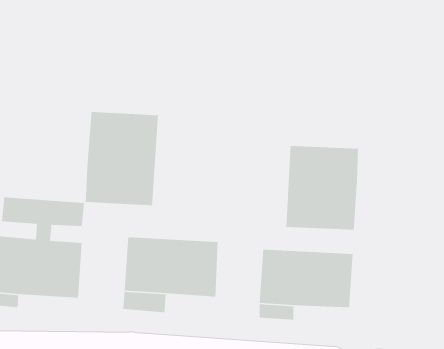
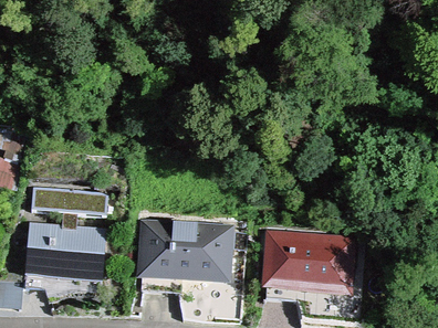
building: [85,111,159,206] -> none
building: [285,145,359,231] -> none

